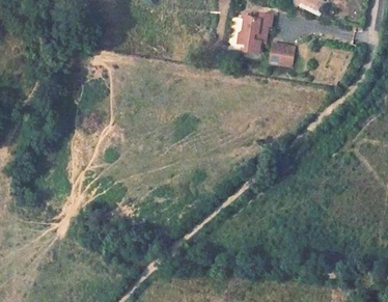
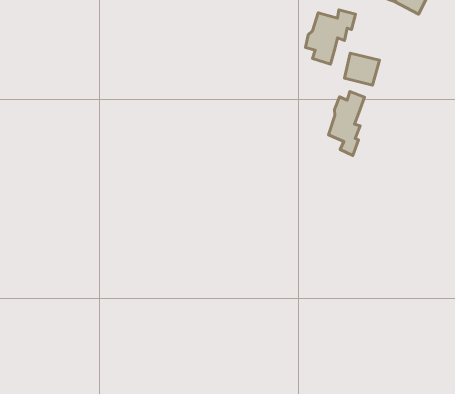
building: none -> [328,91,364,156]

